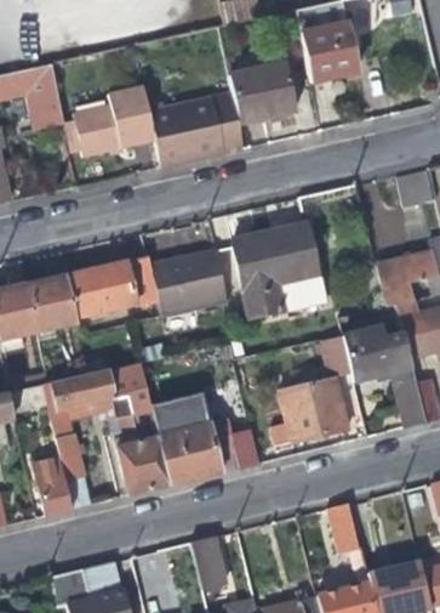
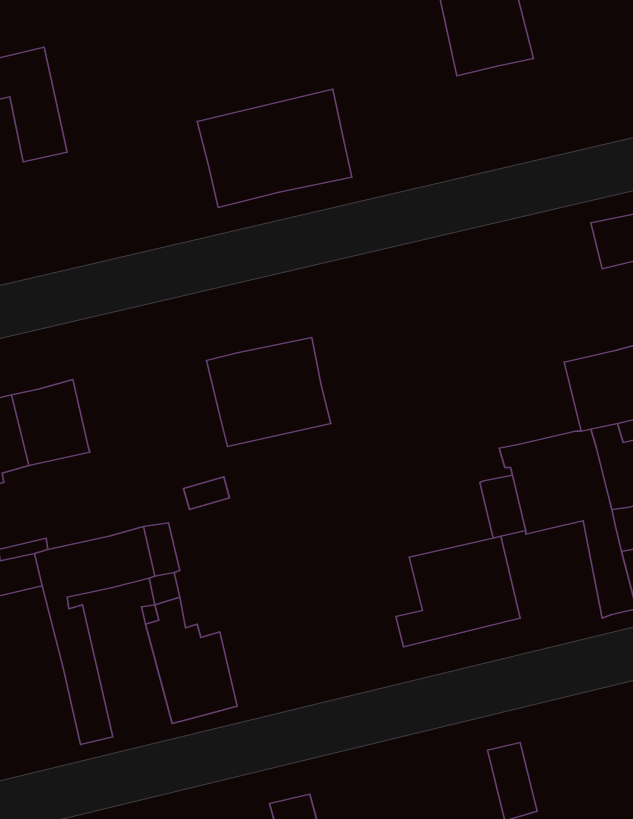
building: [227,59,295,119] -> none
building: [73,86,153,155] -> none
building: [235,227,325,319] -> none
building: [67,257,160,318] -> none
building: [155,402,258,483] -> none
building: [34,459,72,515] -> none

